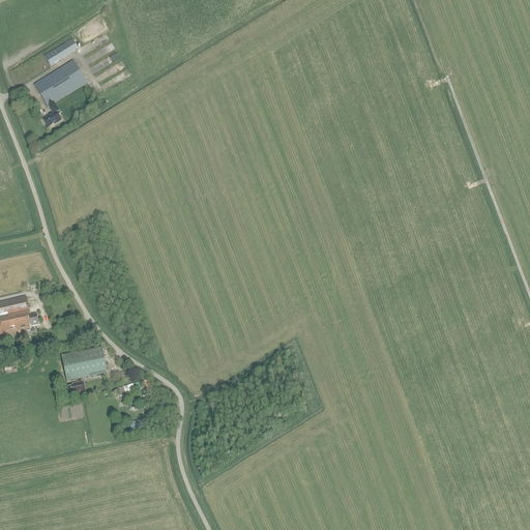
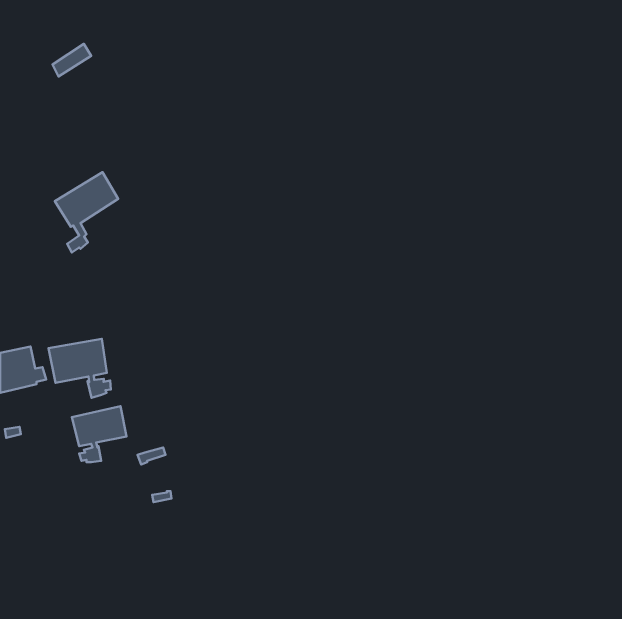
building: [33,58,87,126] -> [55,172,118,252]
building: none -> [48,339,111,398]

